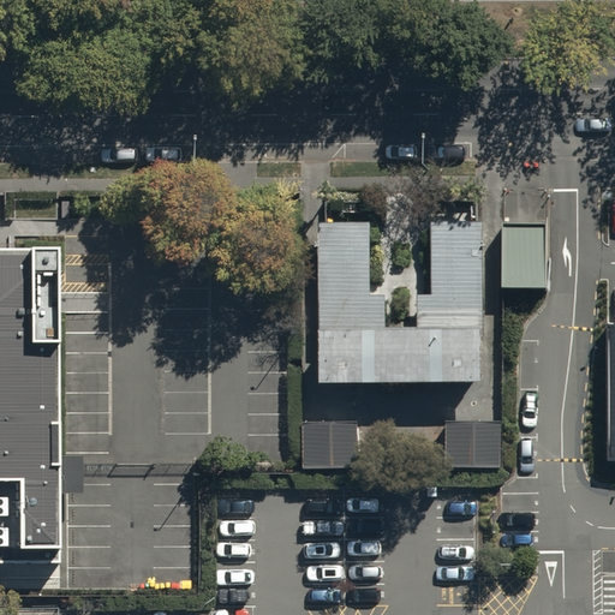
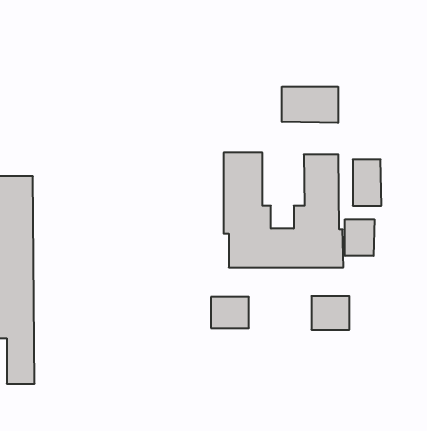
building: none -> [282,87,338,123]
building: none -> [345,219,374,256]

